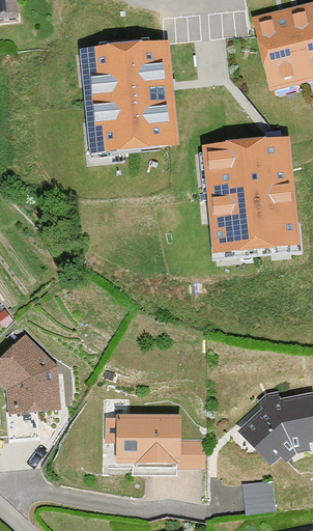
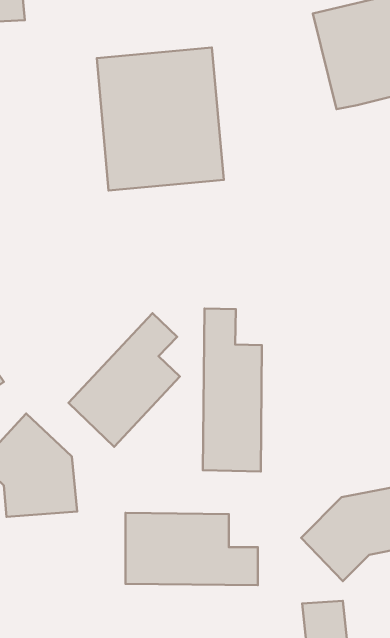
building: [200,138,301,253] -> none
building: none -> [203,309,262,471]
building: none -> [68,313,180,447]

